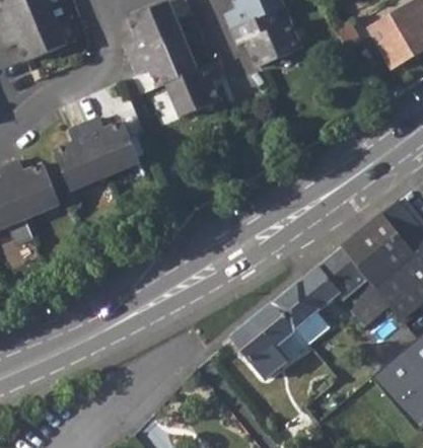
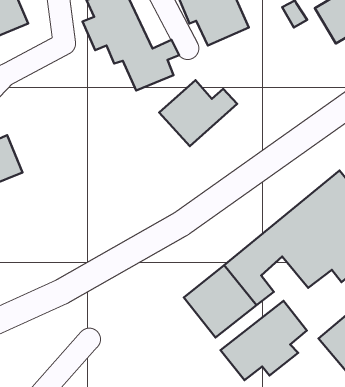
building: none -> [159,80,237,146]
building: [55,117,141,190] -> none
building: none -> [220,301,307,380]

